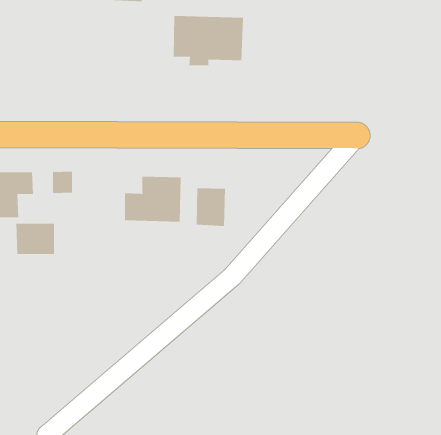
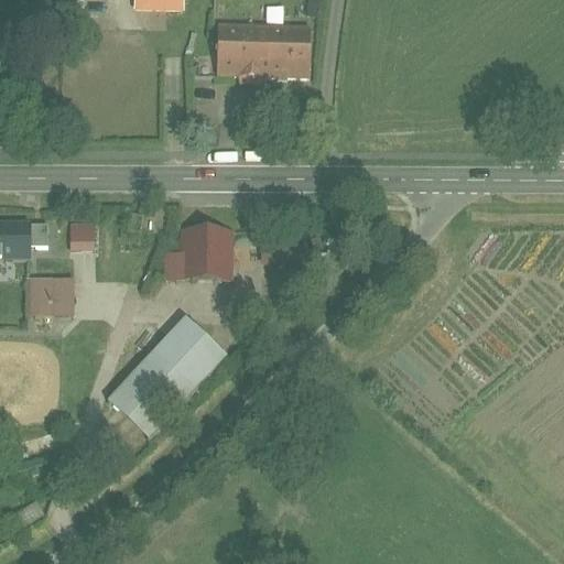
building: [196,188,225,227] -> none
building: none -> [113,314,227,430]

